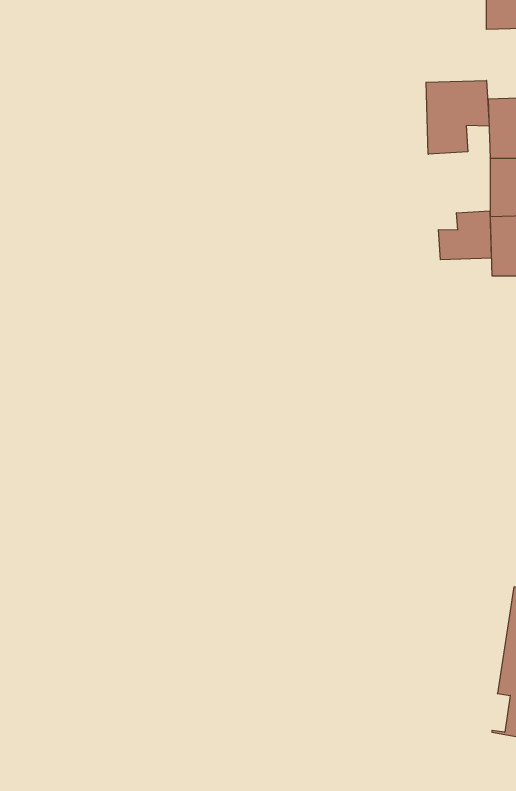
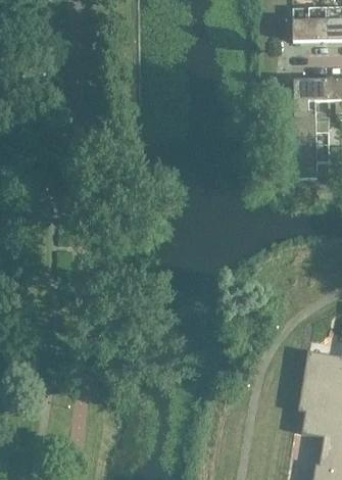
building: [426,80,489,154] -> none
building: [439,211,491,260] -> none

